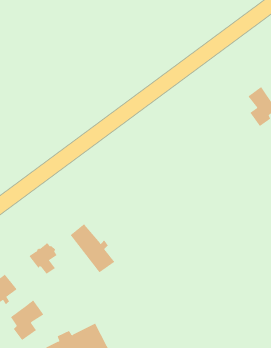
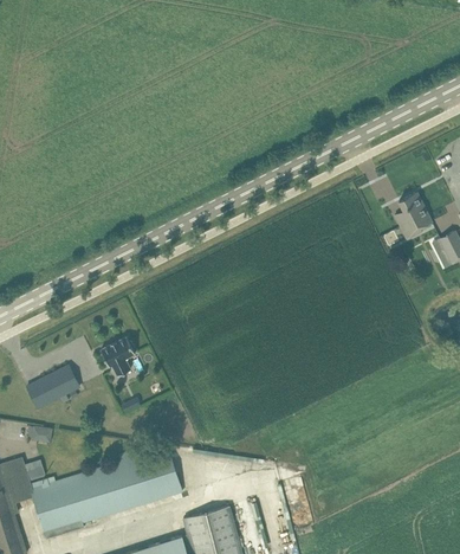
building: [70,223,115,273] -> none
building: [10,300,44,341] -> none

